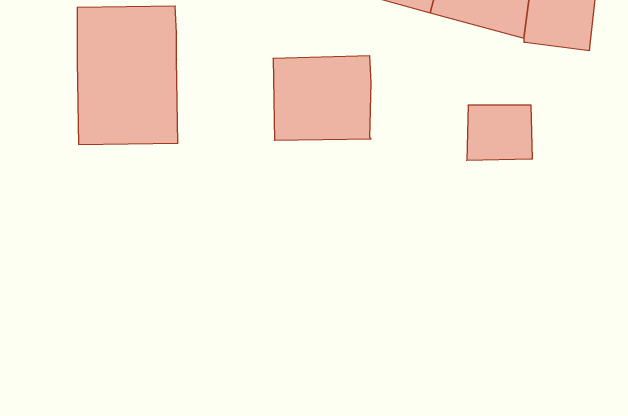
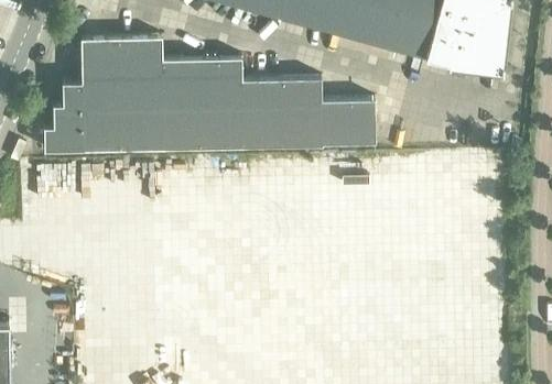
building: none -> [163,59,243,151]
building: none -> [44,84,83,153]
building: [467,105,532,160] -> [322,101,376,146]

